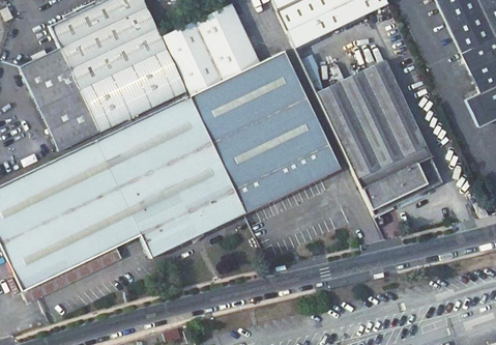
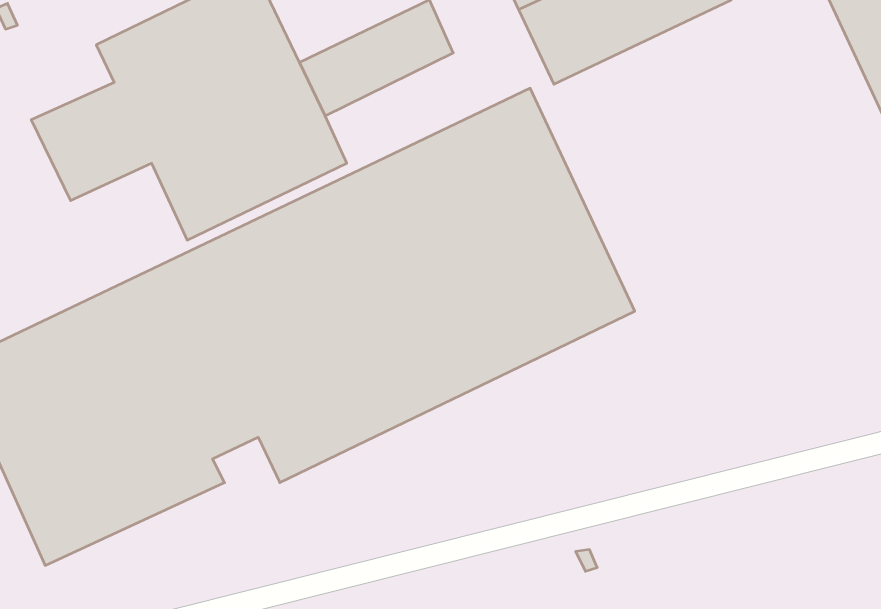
building: [174,31,256,94] -> none
building: [300,57,442,212] -> none
building: [40,89,101,149] -> none

